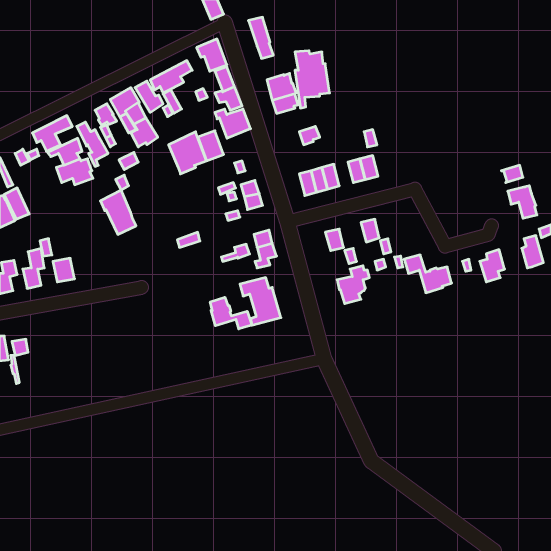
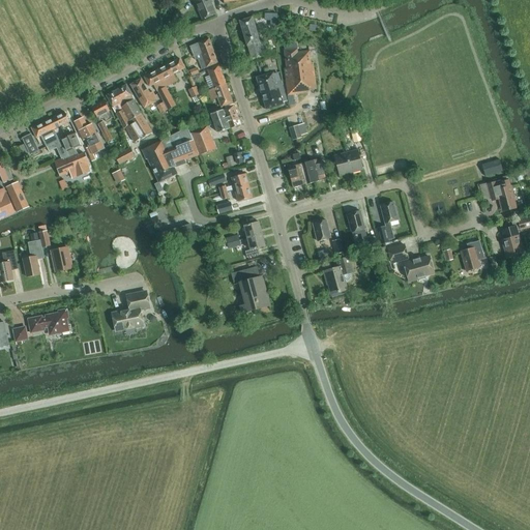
building: [100,190,136,234] -> [142,139,176,181]
building: none -> [375,201,398,243]
building: [210,297,252,329] -> none
building: none -> [112,291,148,330]
building: none -> [28,307,71,334]

